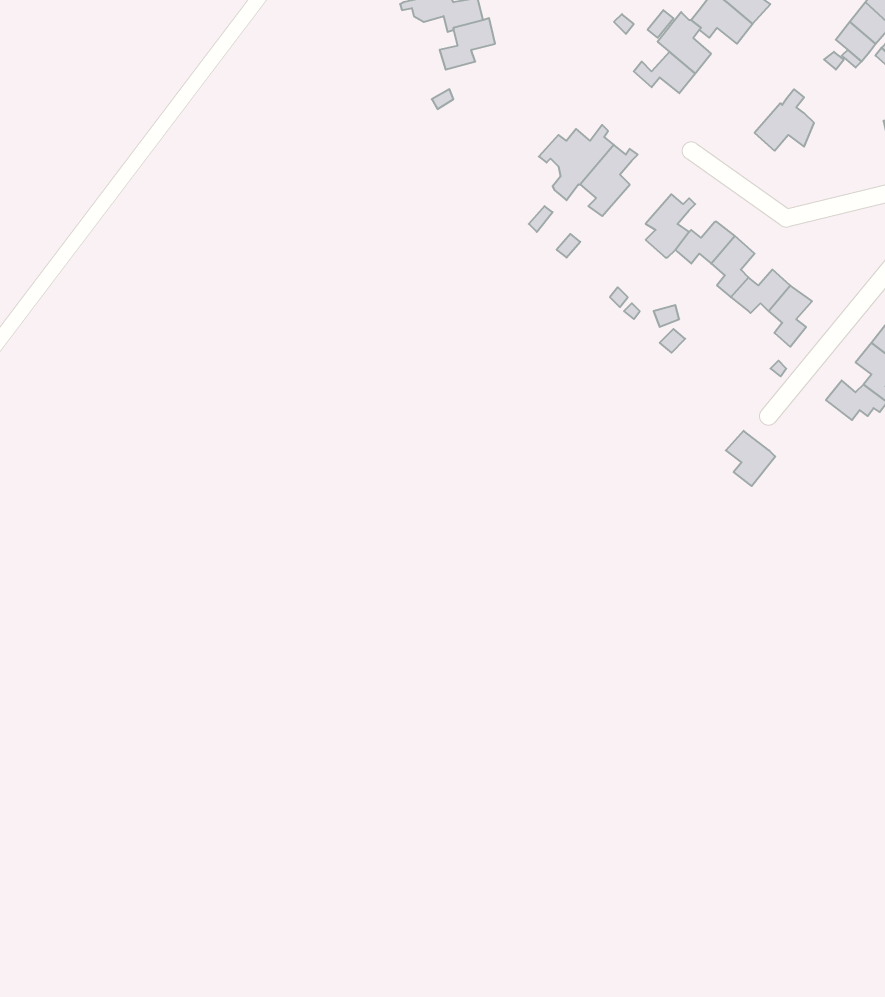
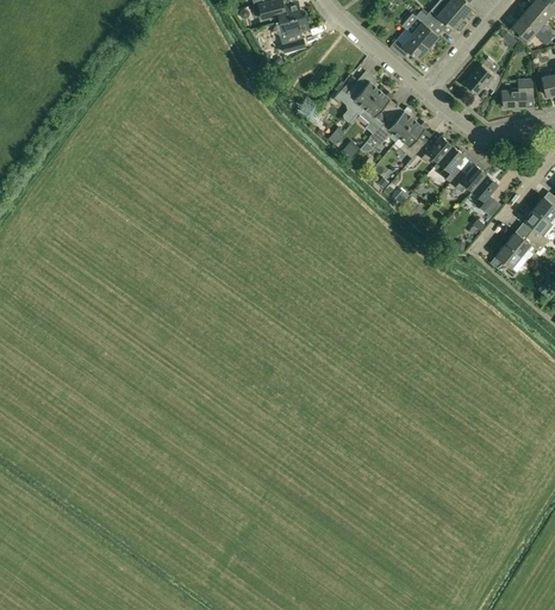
building: none -> [500,79,534,107]
building: none -> [369,107,414,144]
building: [726,431,775,486] -> [497,243,526,276]

